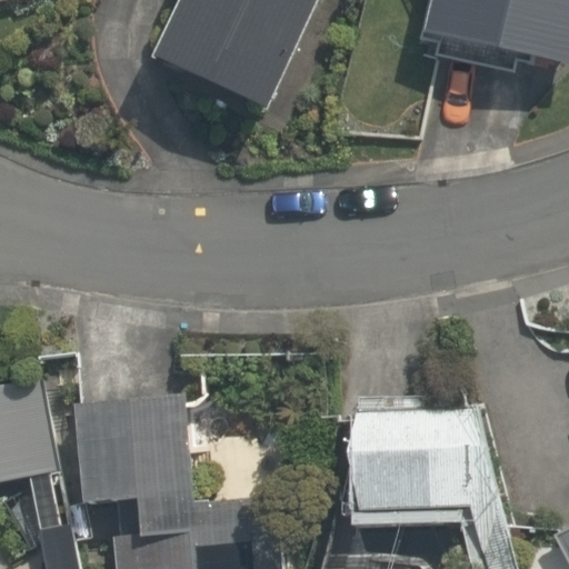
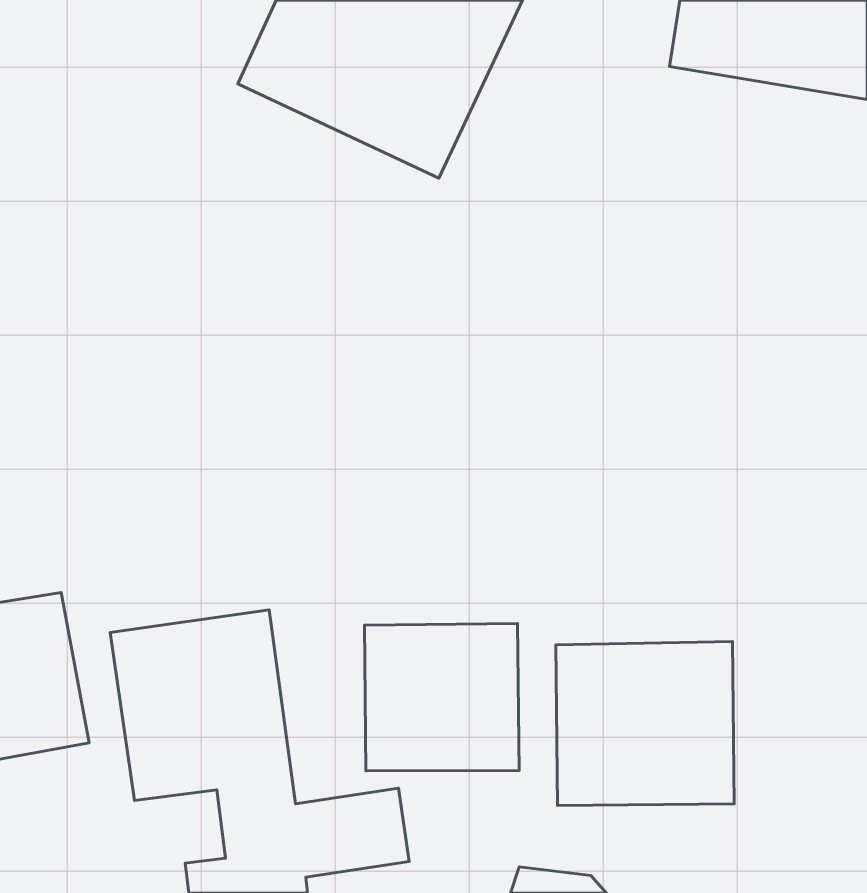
building: none -> [364,624,519,771]

